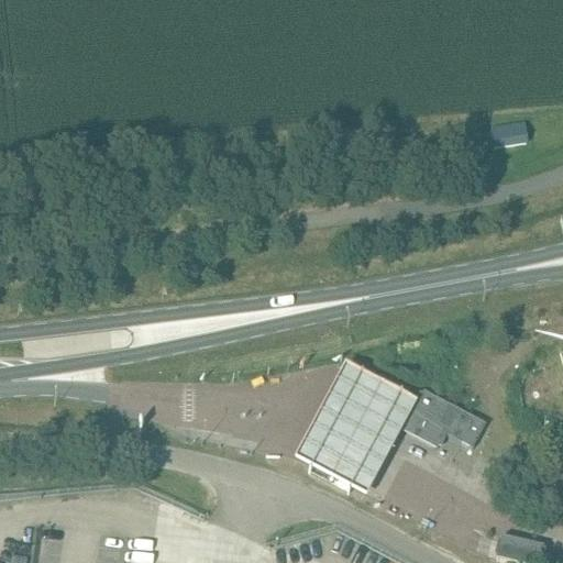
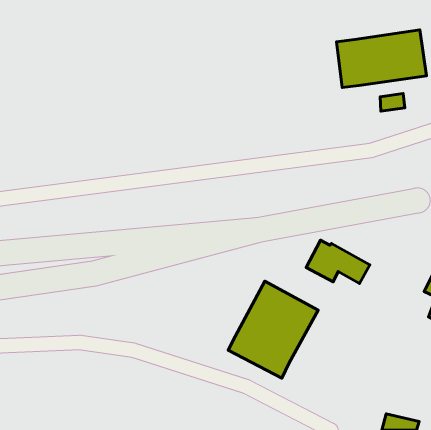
building: none -> [336,30,427,87]
building: [406,391,488,448] -> [306,240,370,284]

